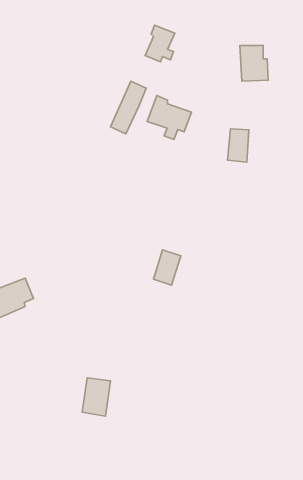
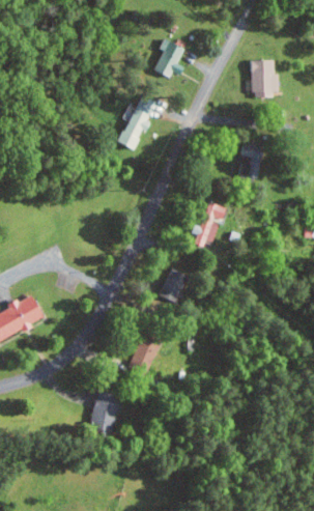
building: [147,96,191,140] -> none
building: none -> [191,202,225,247]
building: none -> [129,337,158,374]

